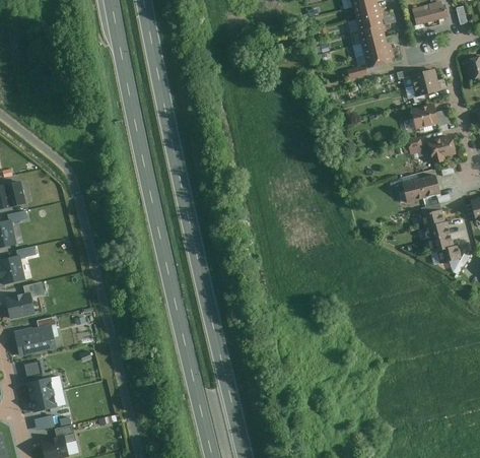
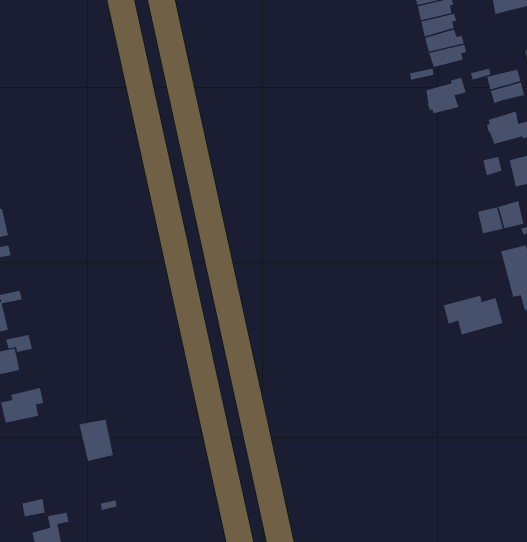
building: none -> [425,77,467,114]
building: none -> [443,295,503,335]
building: [29,377,58,411] -> [79,419,114,462]

